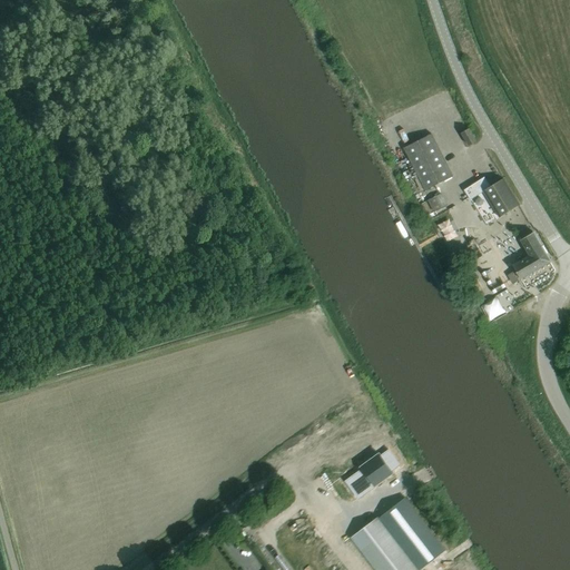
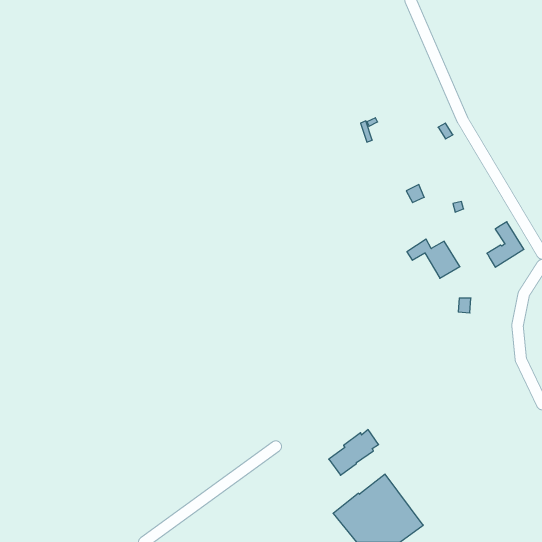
building: [403,135,452,191] -> none
building: [463,177,519,218] -> [407,239,460,278]

